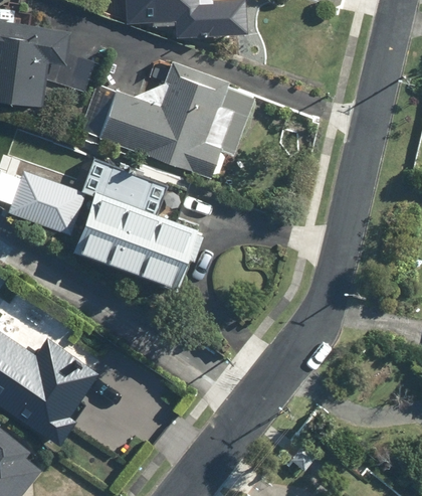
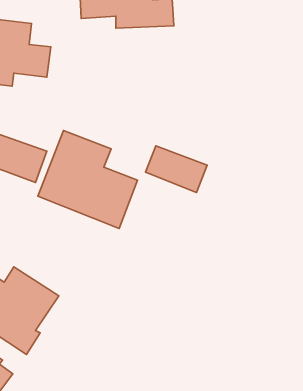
building: [79,55,254,180] -> none
building: none -> [146,146,207,192]

